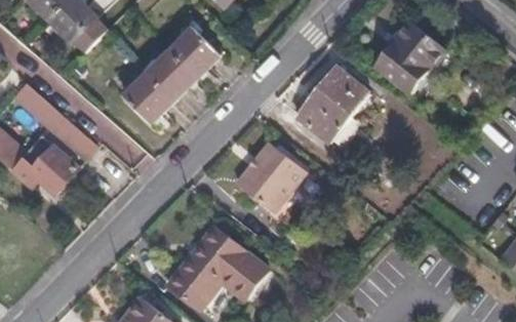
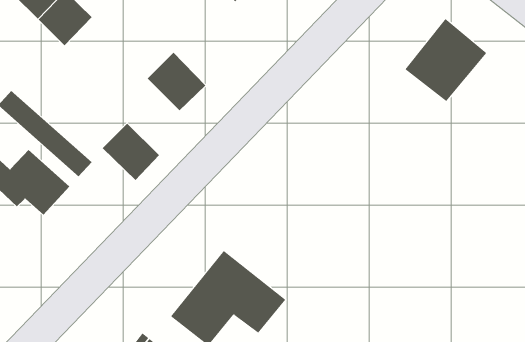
building: [169,29,221,80] -> none
building: [295,67,370,145] -> none
building: [123,74,174,125] -> [102,123,160,181]
building: [237,144,305,213] -> none

